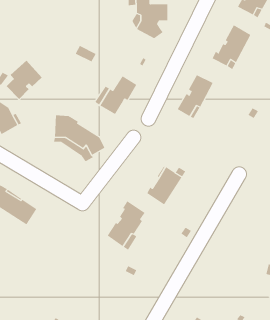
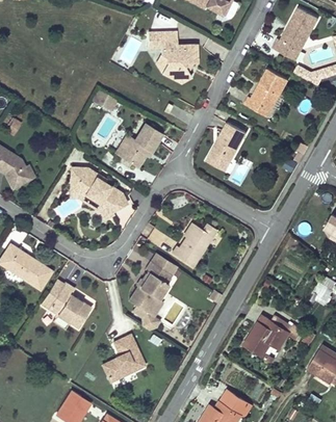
building: [6,60,42,100] -> none
building: none -> [48,283,92,328]
building: none -> [244,315,303,355]
building: none -> [102,335,145,381]

